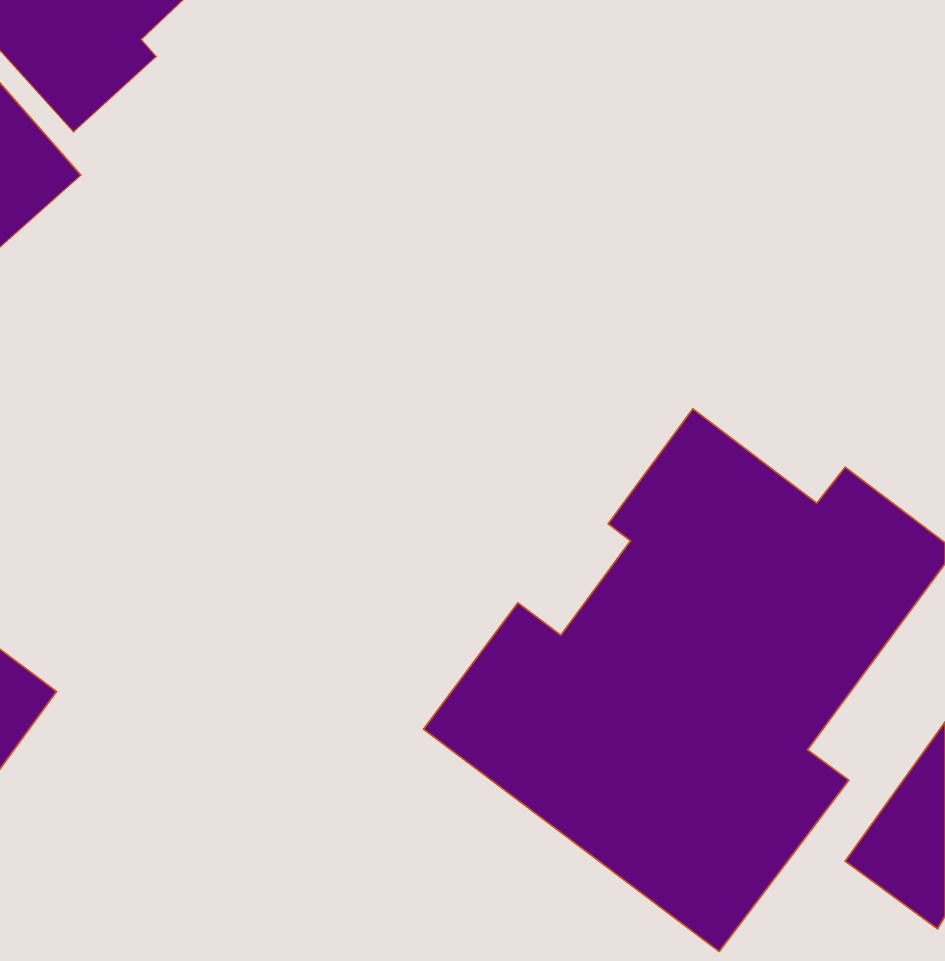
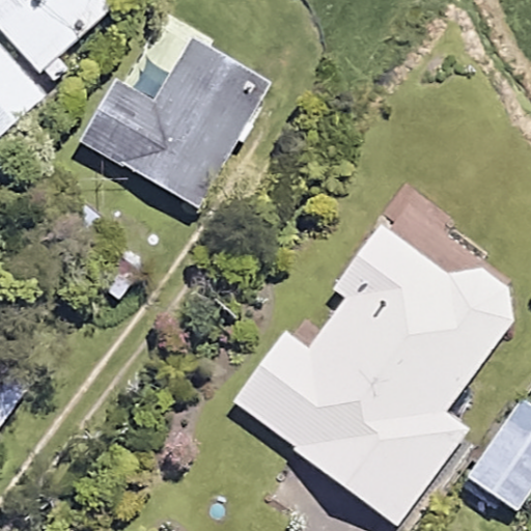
building: none -> [84,27,273,211]

